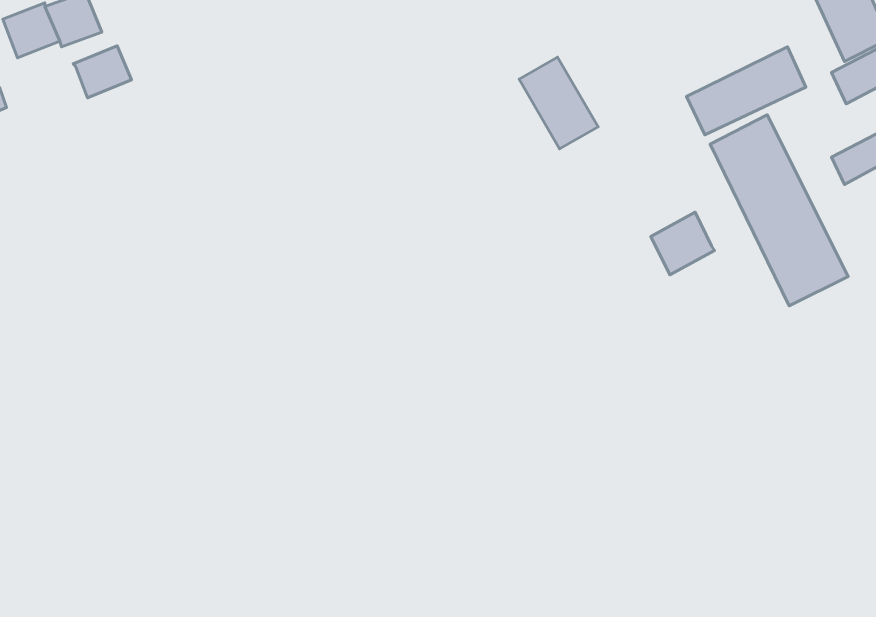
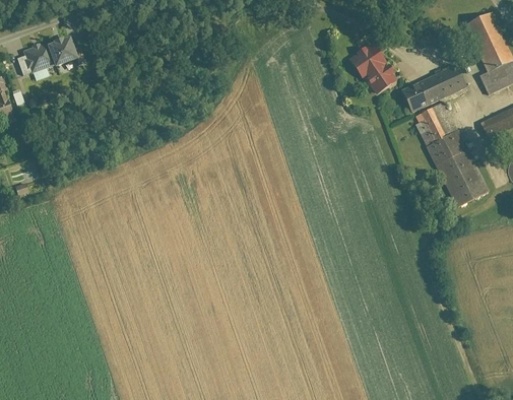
building: [73,46,131,98] -> none
building: [519,57,598,149] -> [352,43,396,93]
building: [651,212,714,275] -> none

